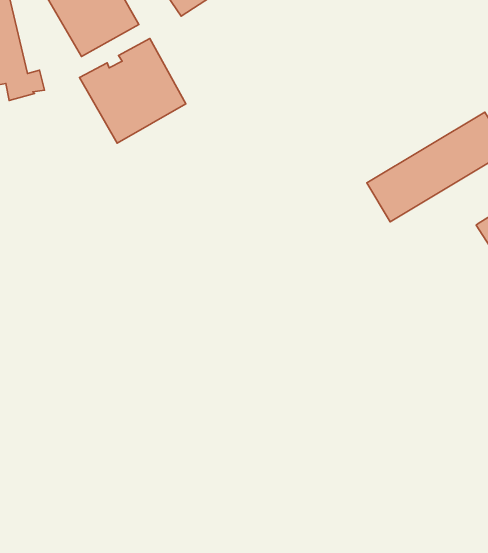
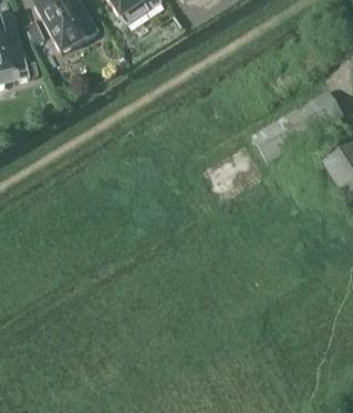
building: [80,39,186,143] -> none

